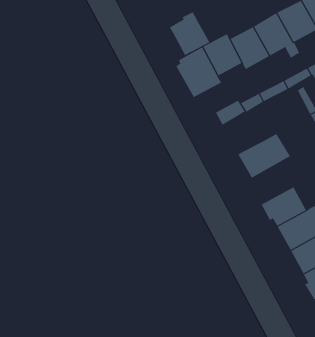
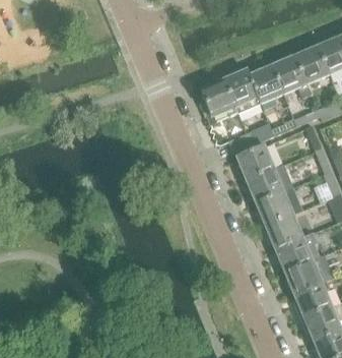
building: [169,12,210,56] -> none
building: none -> [235,144,273,179]
building: none -> [255,186,301,227]

